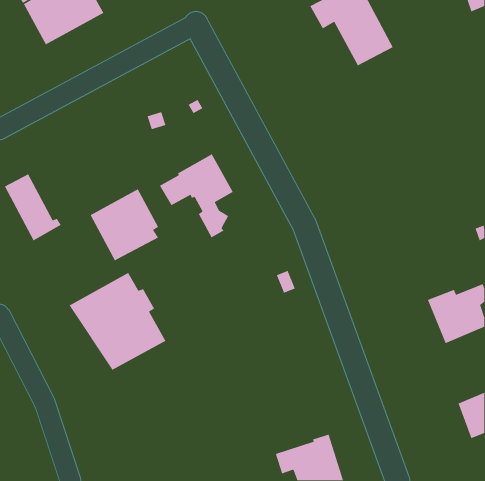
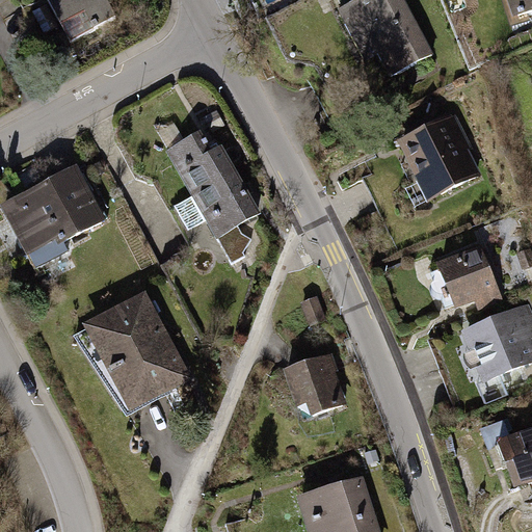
building: none -> [402,114,476,194]
building: none -> [170,132,232,189]
building: [90,188,159,262] -> [31,160,107,240]
building: none -> [435,247,495,303]
building: none -> [286,354,342,411]

